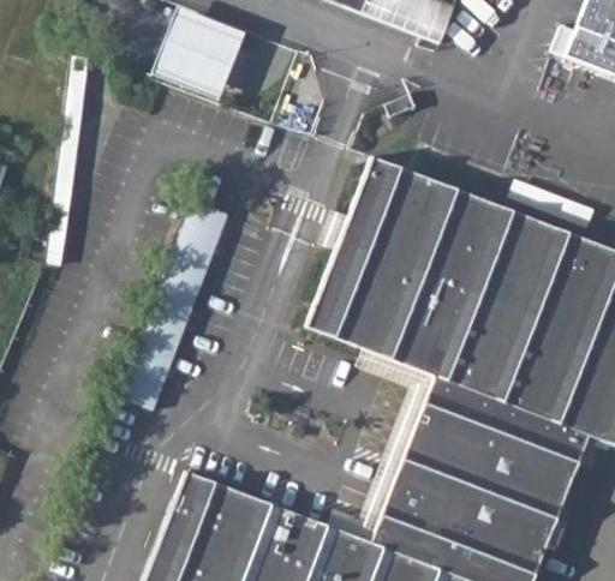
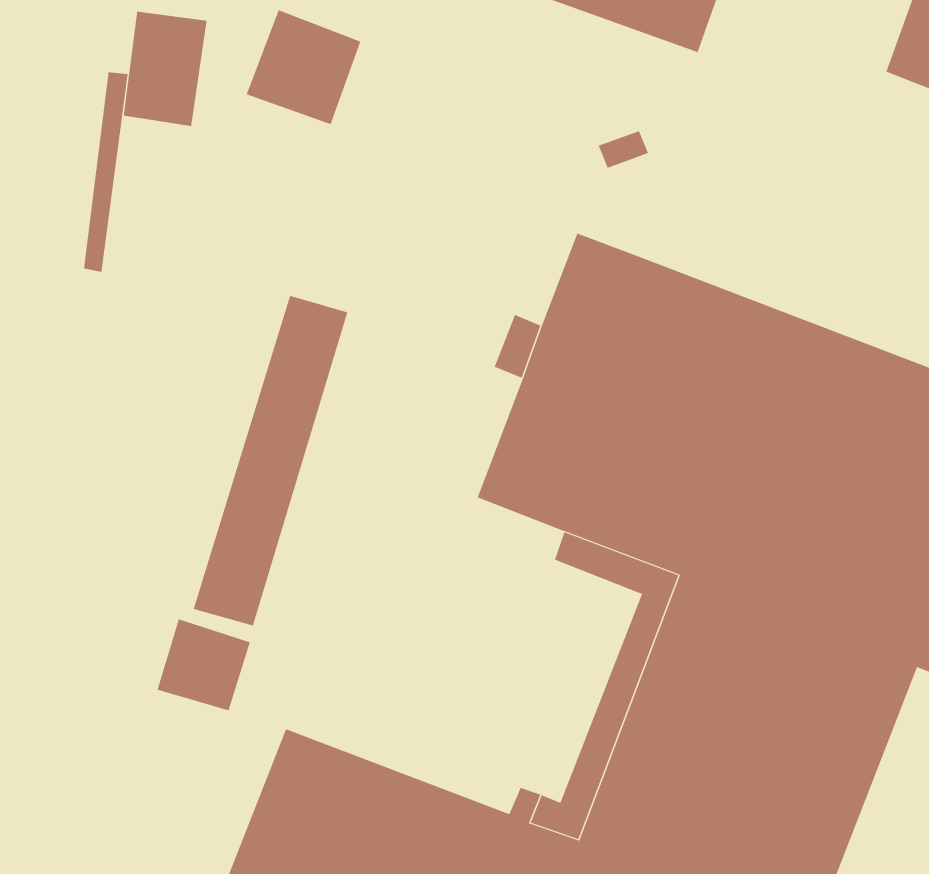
building: none -> [123,11,207,127]
building: none -> [157,618,251,711]

